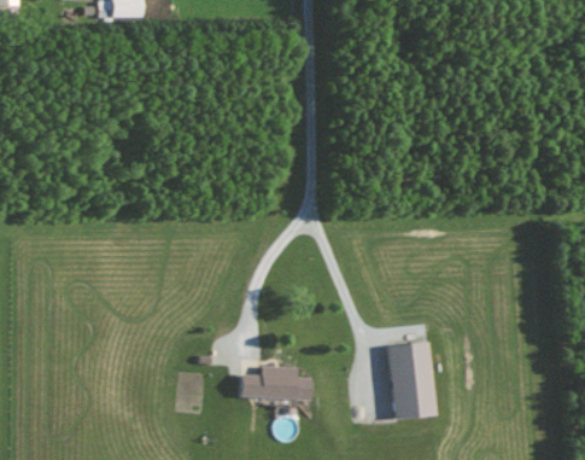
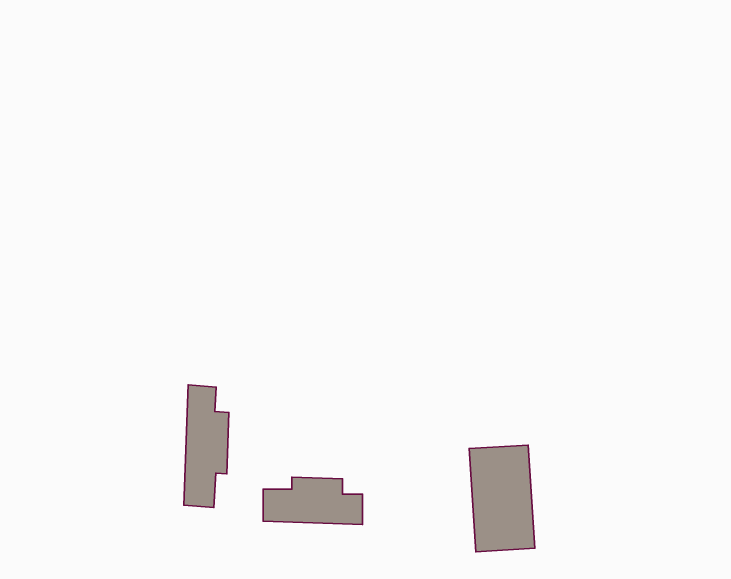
building: none -> [184,385,229,508]

